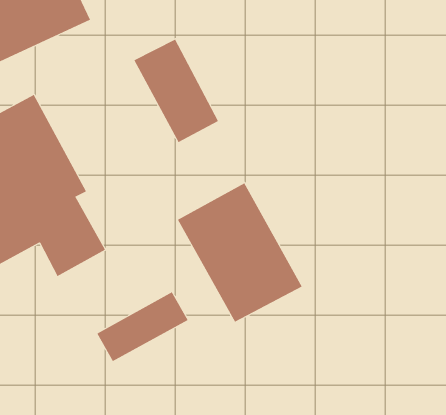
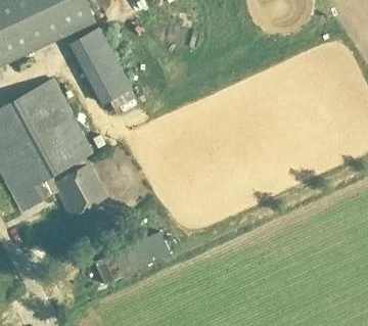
building: [133,39,219,143] -> [68,27,133,105]
building: [177,182,302,322] -> none

